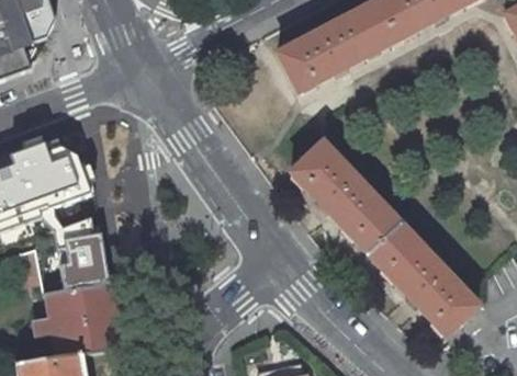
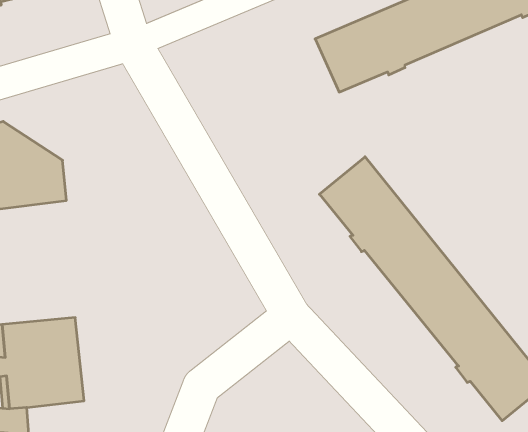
building: [54,223,109,290] -> none

